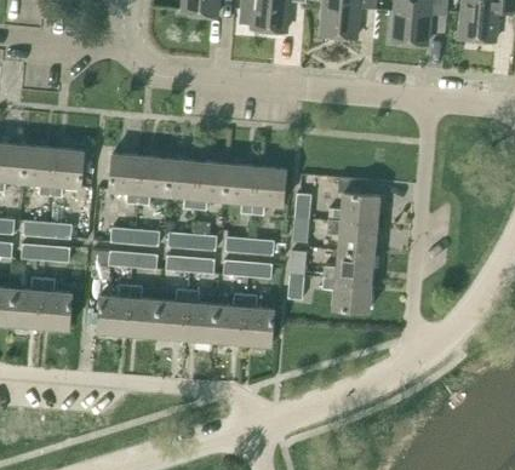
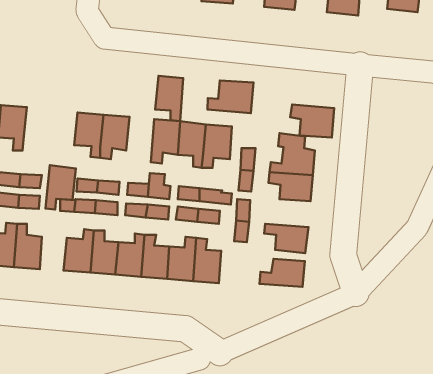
building: none -> [207,80,253,113]
building: none -> [290,105,334,138]
building: [50,148,84,197] -> [45,165,76,210]
building: [166,159,198,210] -> [155,76,183,121]
building: [322,251,373,282] -> [259,259,305,287]

